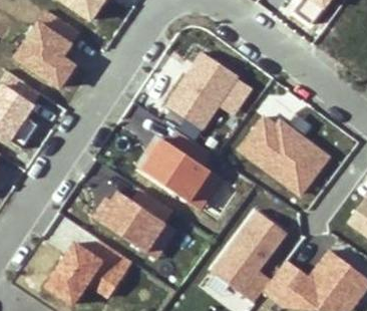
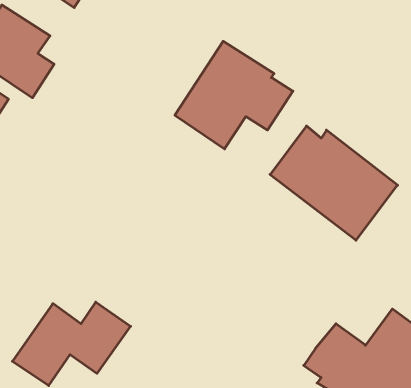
building: [139,130,223,210] -> none
building: [91,188,175,259] -> none
building: [210,209,288,302] -> none

